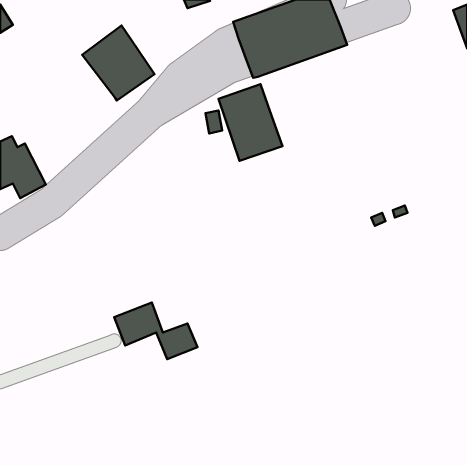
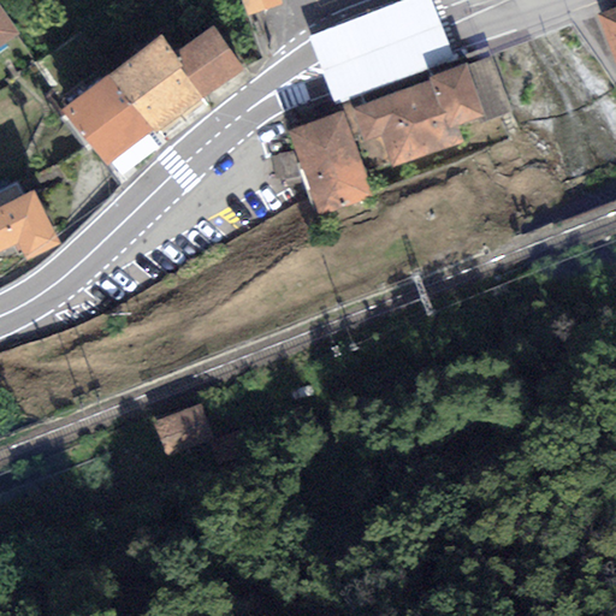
building: none -> [172,24,244,97]
building: none -> [339,63,485,172]
building: none -> [60,72,152,165]

